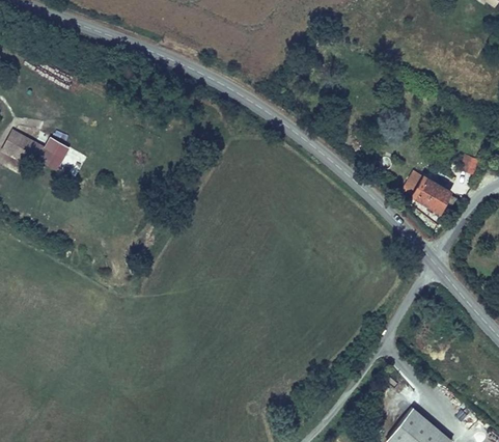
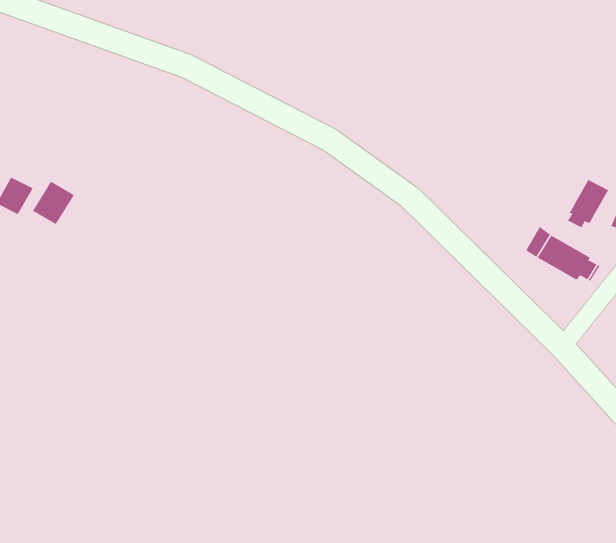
building: none -> [567,179,609,228]

